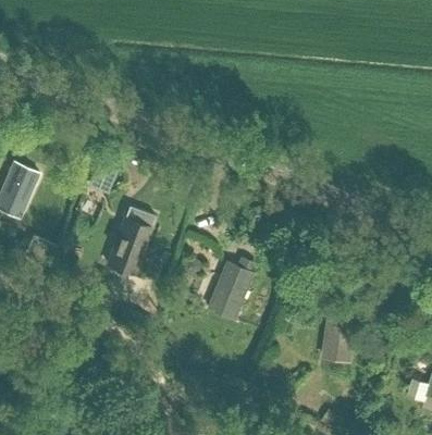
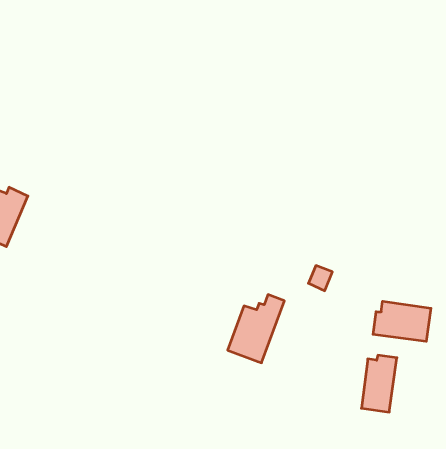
building: [106,207,151,275] -> none
building: none -> [373,301,431,341]

